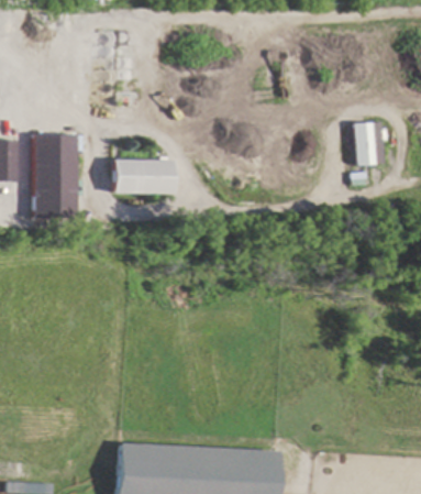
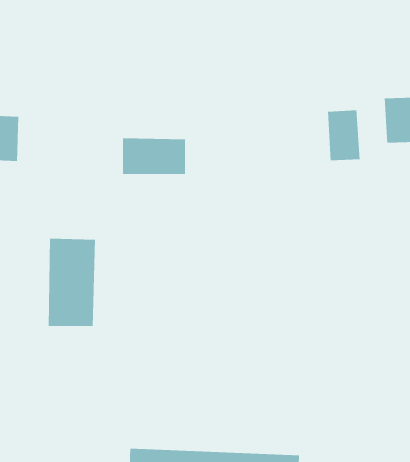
building: none -> [327,110,361,161]
building: [34,134,78,216] -> [48,238,96,327]

